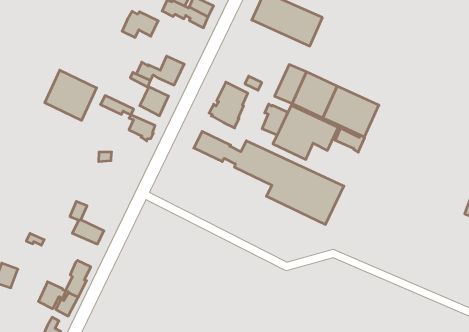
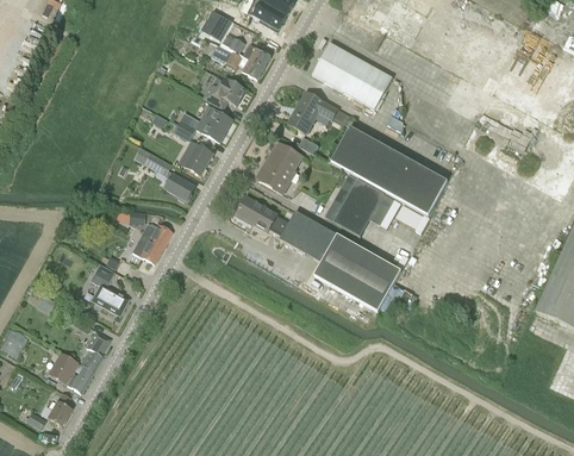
building: [122,11,158,37] -> [204,75,245,105]
building: none -> [288,92,337,133]
building: [45,70,97,120] -> none
building: [262,104,288,135] -> none
building: none -> [131,221,170,263]

